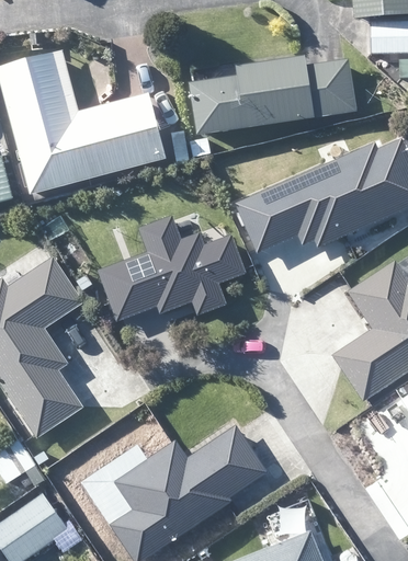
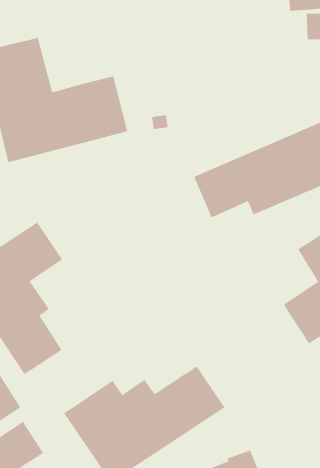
building: [180,57,350,135] -> none
building: [101,217,248,321] -> none

